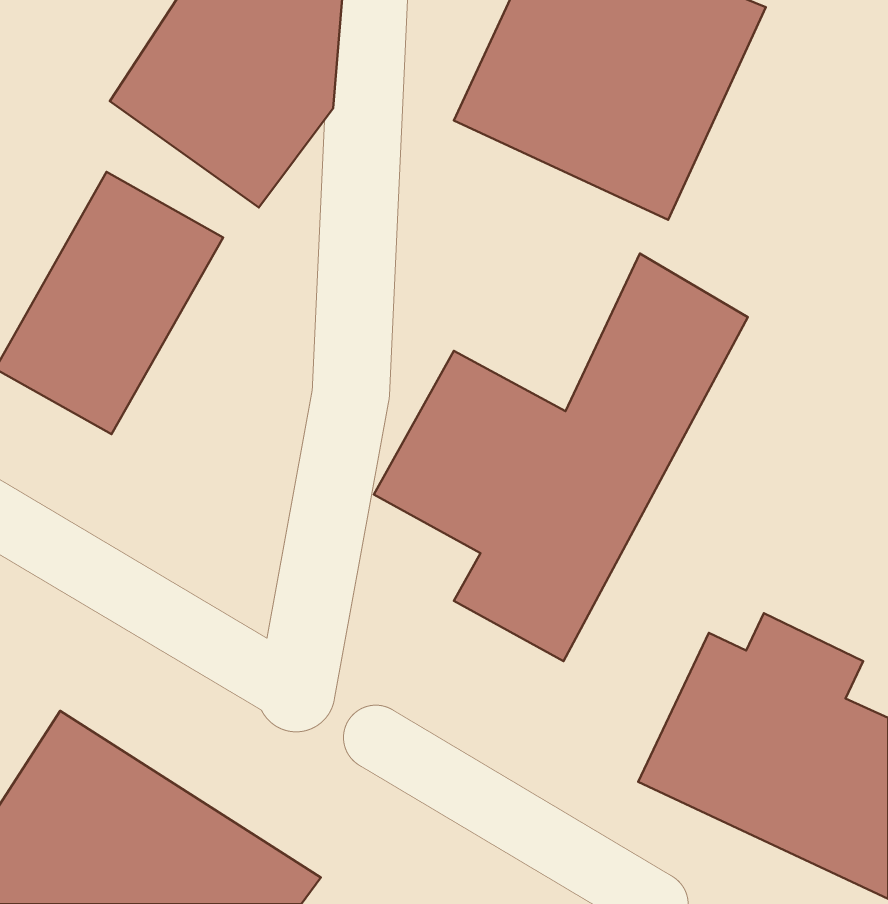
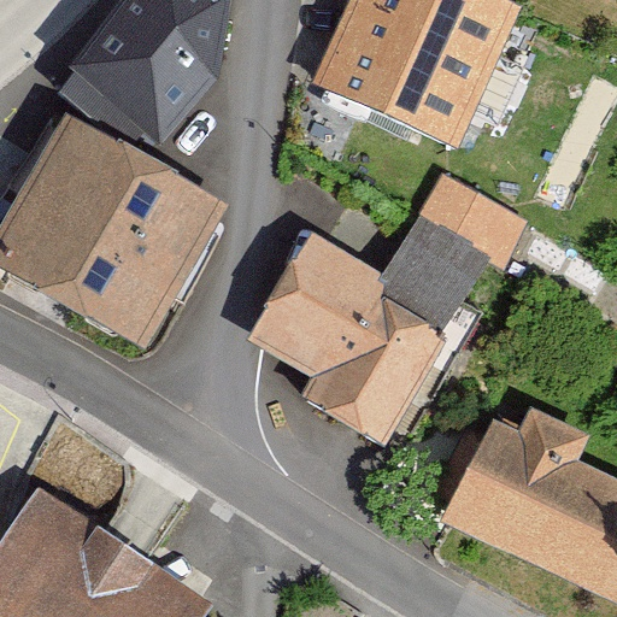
building: none -> [76,161,231,340]

